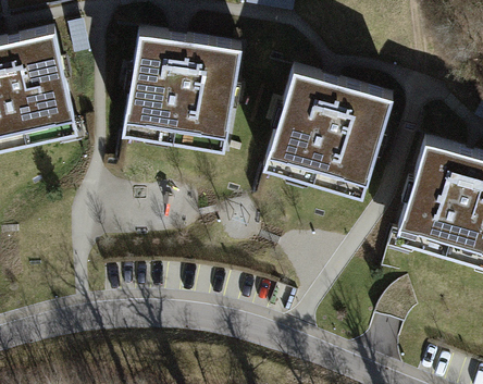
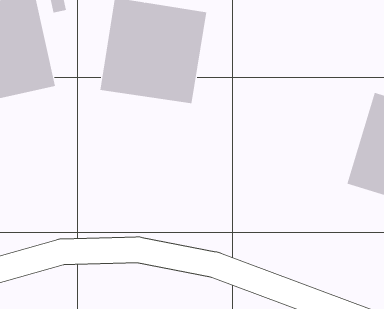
building: [264,66,393,196] -> none

